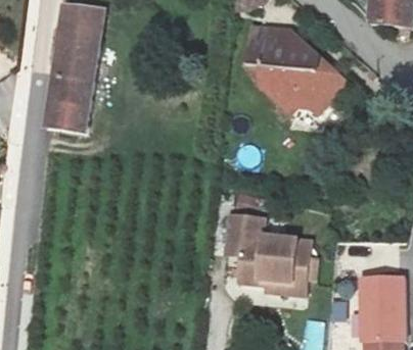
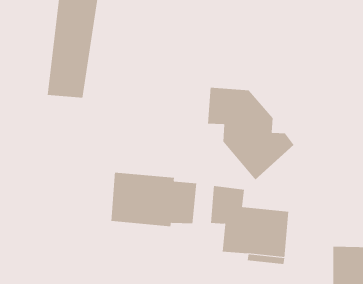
building: [254,29,347,128] -> [207,87,295,180]
building: none -> [111,172,197,227]

